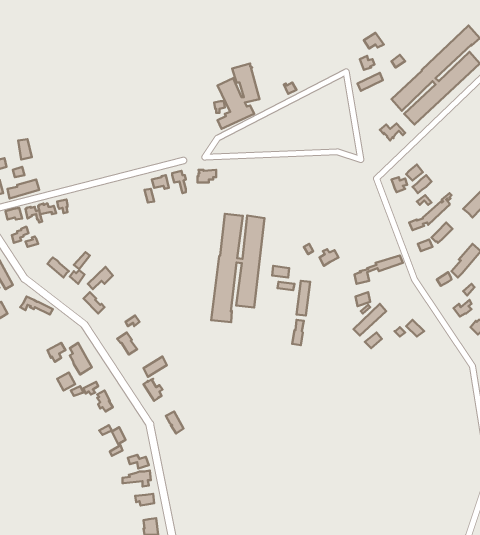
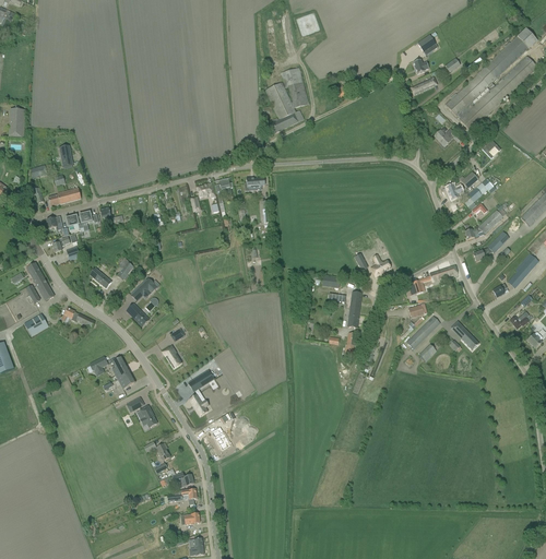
building: [211,214,264,322] -> none

